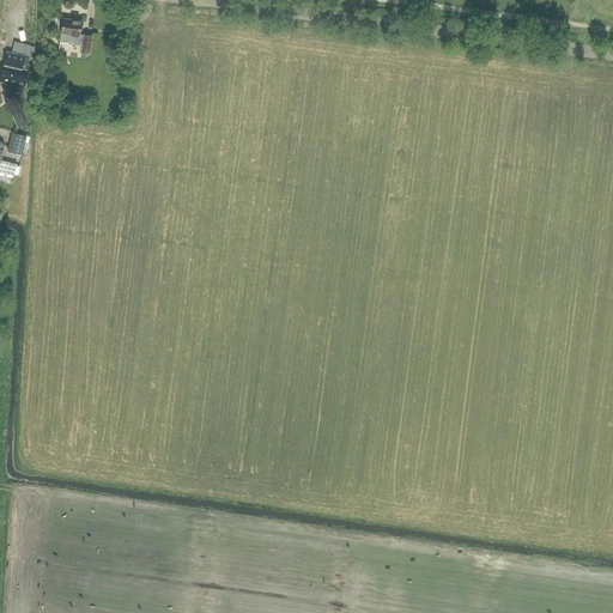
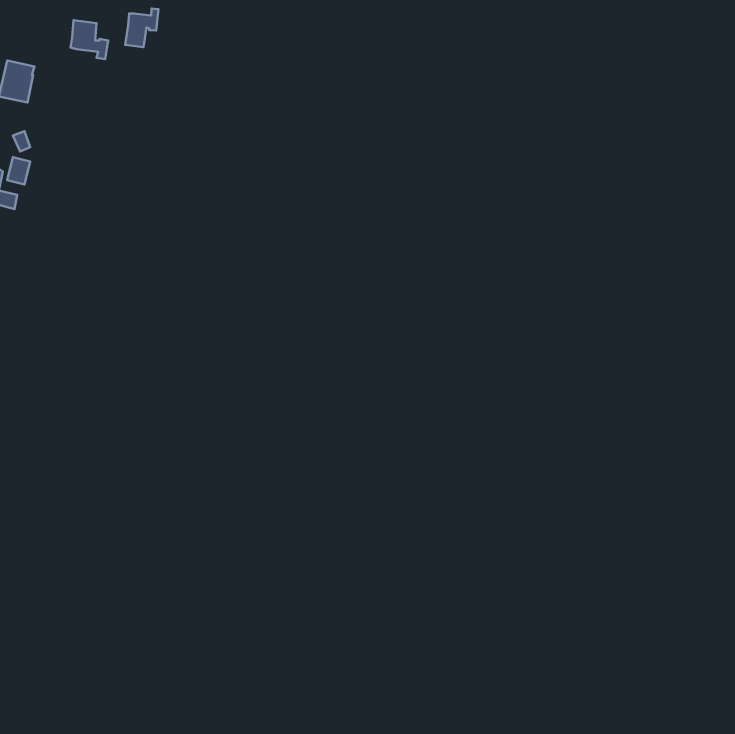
building: none -> [125,9,159,47]

